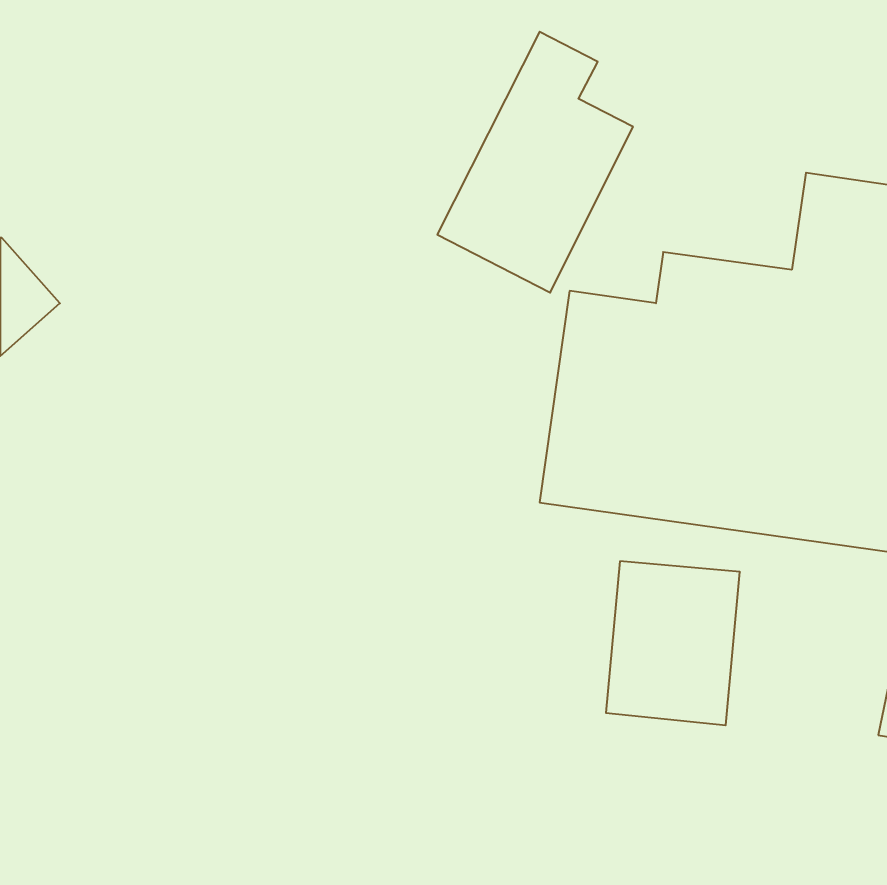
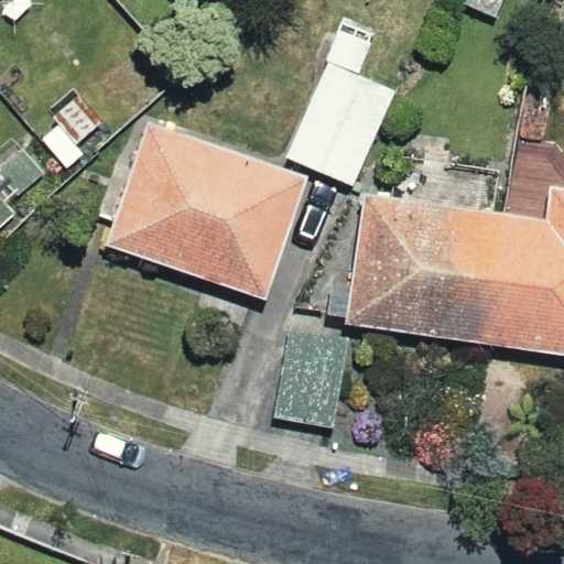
building: none -> [99,122,311,301]
building: [606,561,740,725] -> [271,332,355,434]

